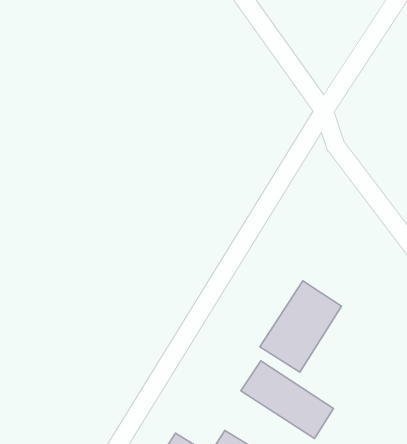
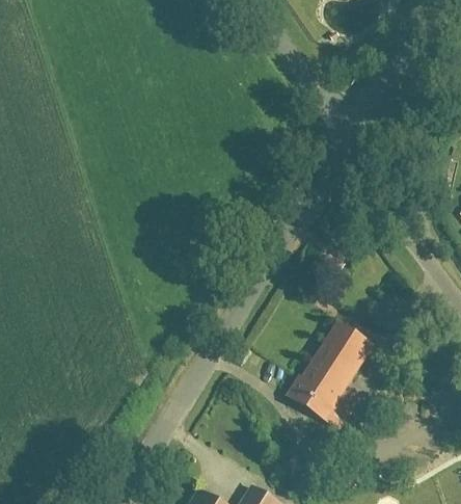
building: [241,361,334,438] -> none

